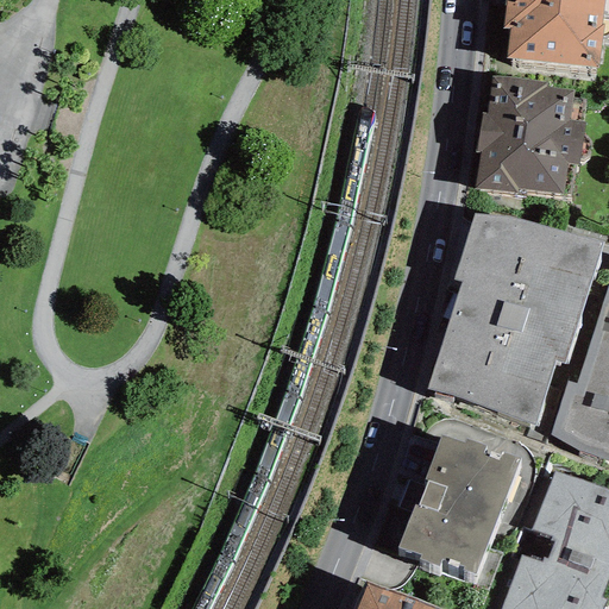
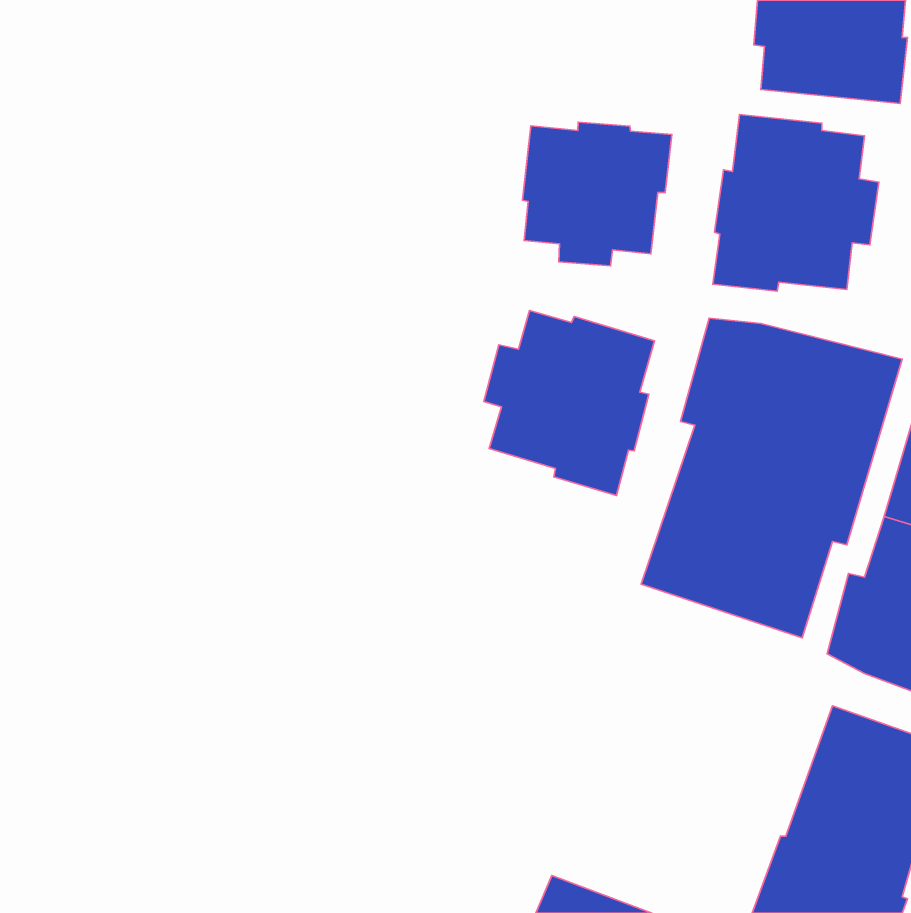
building: none -> [522,122,672,266]
building: none -> [484,311,654,496]
building: [400,435,521,576] -> none

